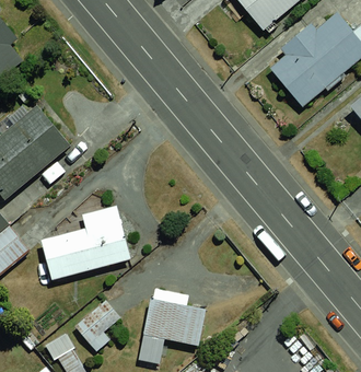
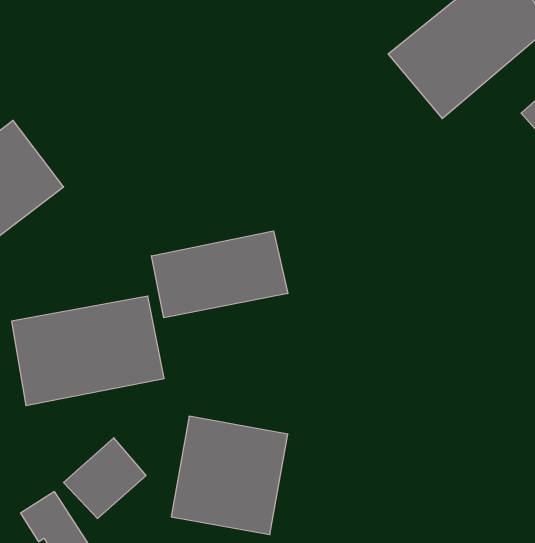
building: none -> [152,231,288,318]

